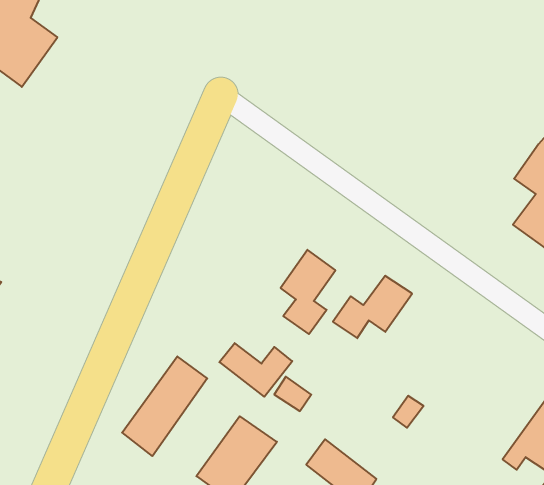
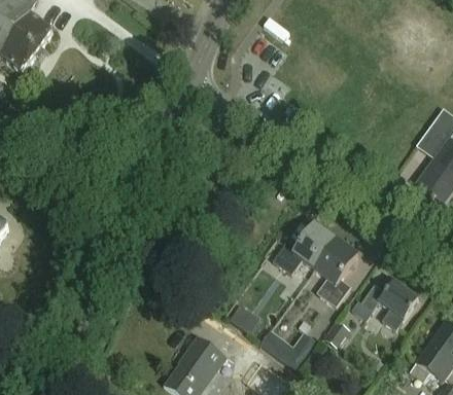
building: [281,250,335,334] -> [316,238,360,306]
building: [219,343,292,397] -> [257,328,316,371]
building: none -> [354,280,421,329]
building: [122,356,207,456] -> none

